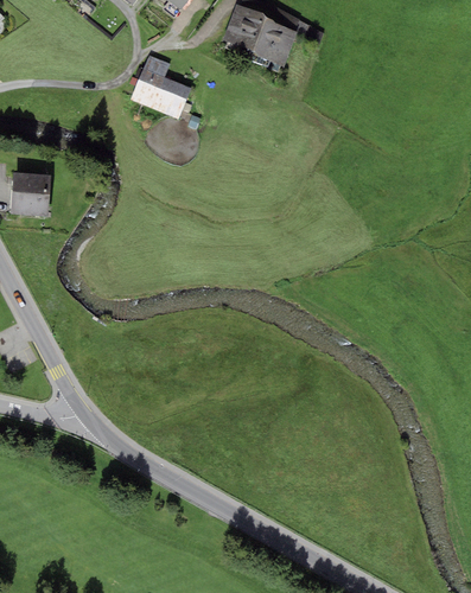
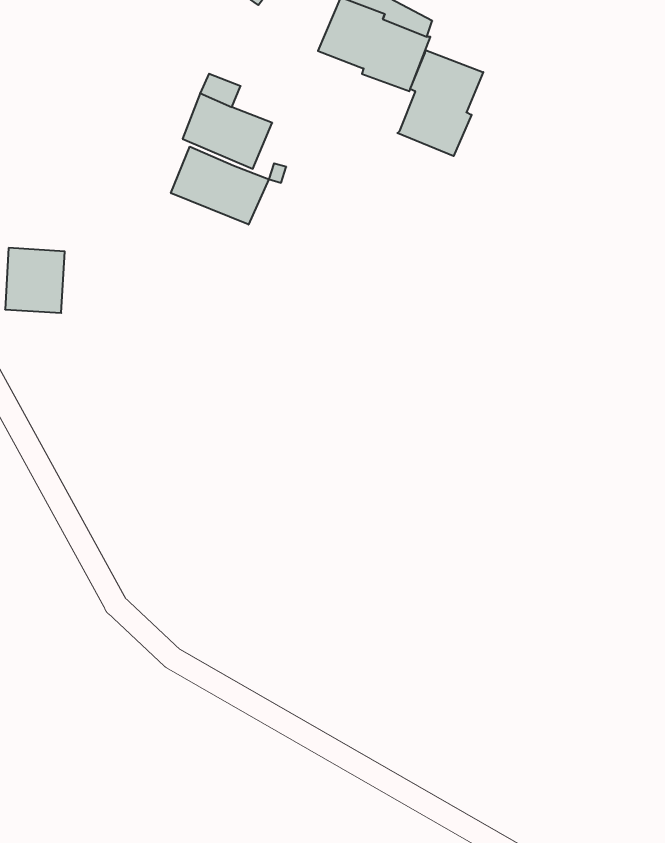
building: none -> [397,50,483,156]
building: none -> [171,147,269,225]

